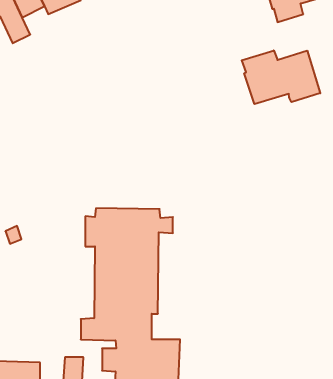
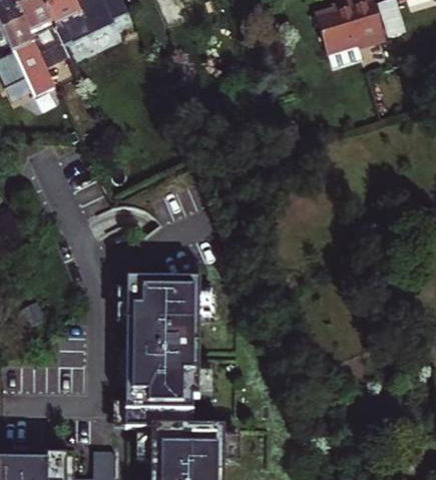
building: [242,50,320,104] -> none

